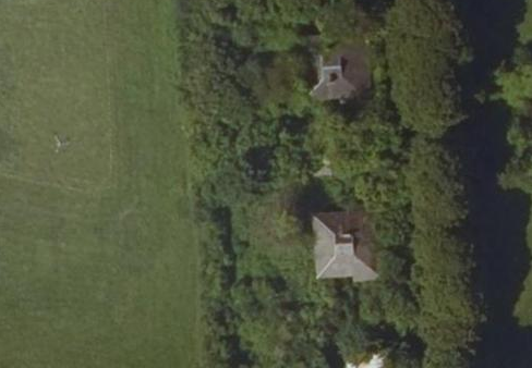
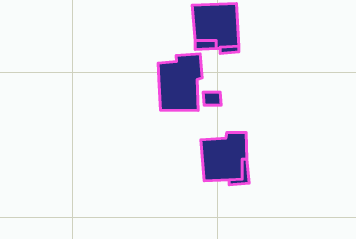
building: none -> [158,54,202,111]

